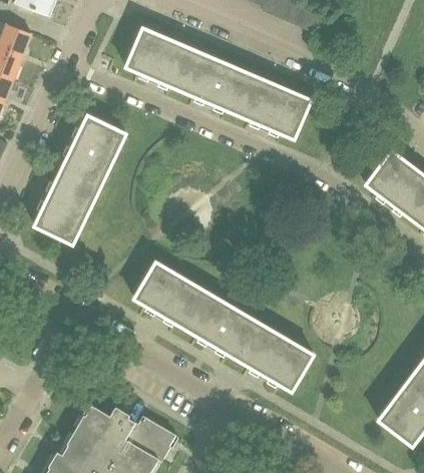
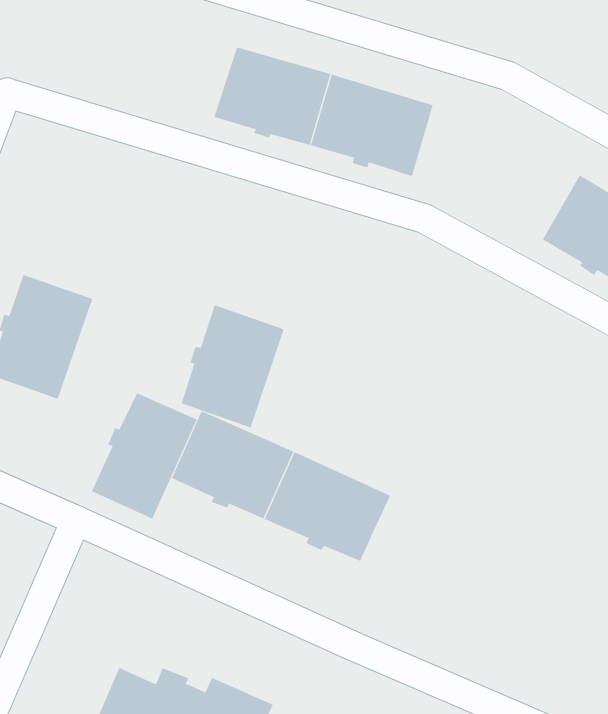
building: [125,27,200,91] -> none
building: [61,114,126,188] -> [181,304,284,428]
building: none -> [91,393,197,519]
building: [238,323,314,391] -> none

